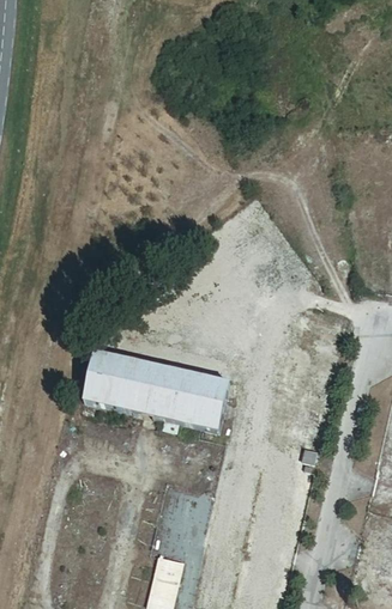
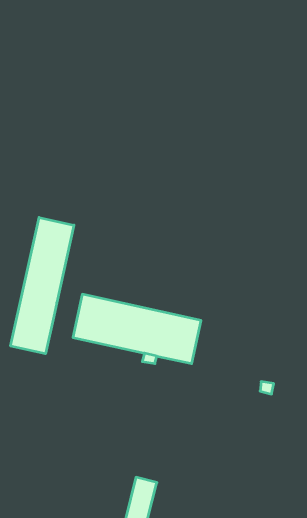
building: none -> [11,217,74,354]

